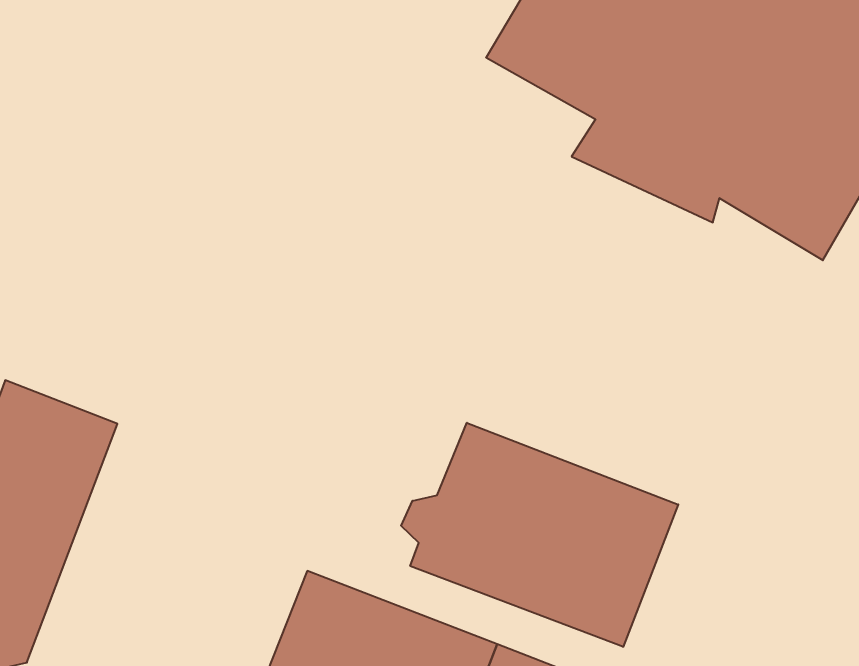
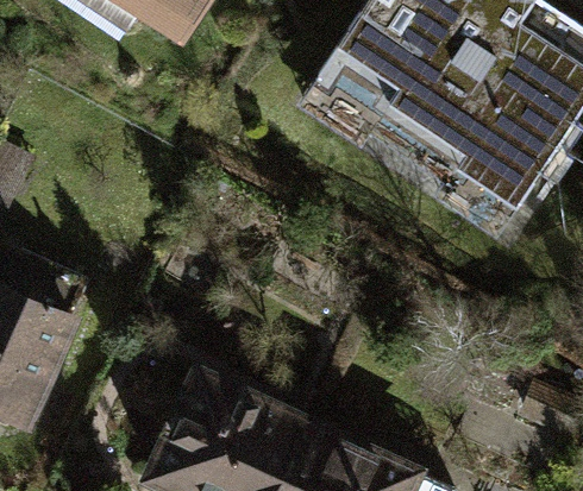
building: [401,423,678,647] -> none

